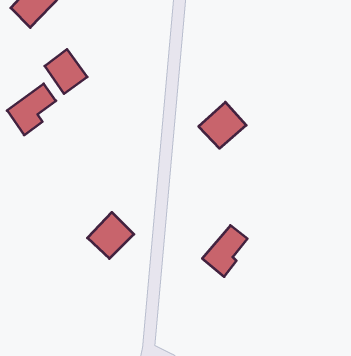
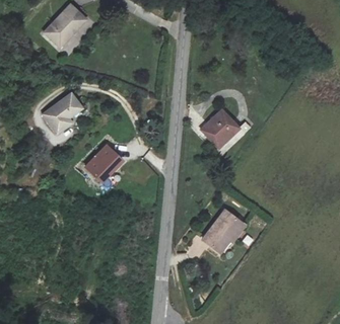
building: [45,49,87,94] -> none
building: [87,212,134,259] -> [86,145,125,183]

